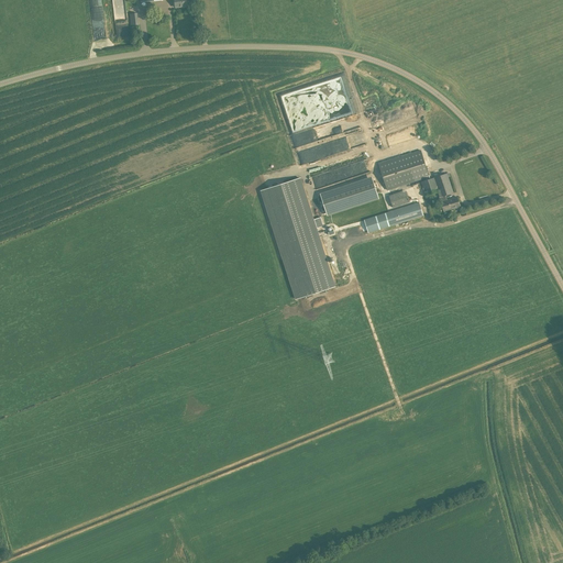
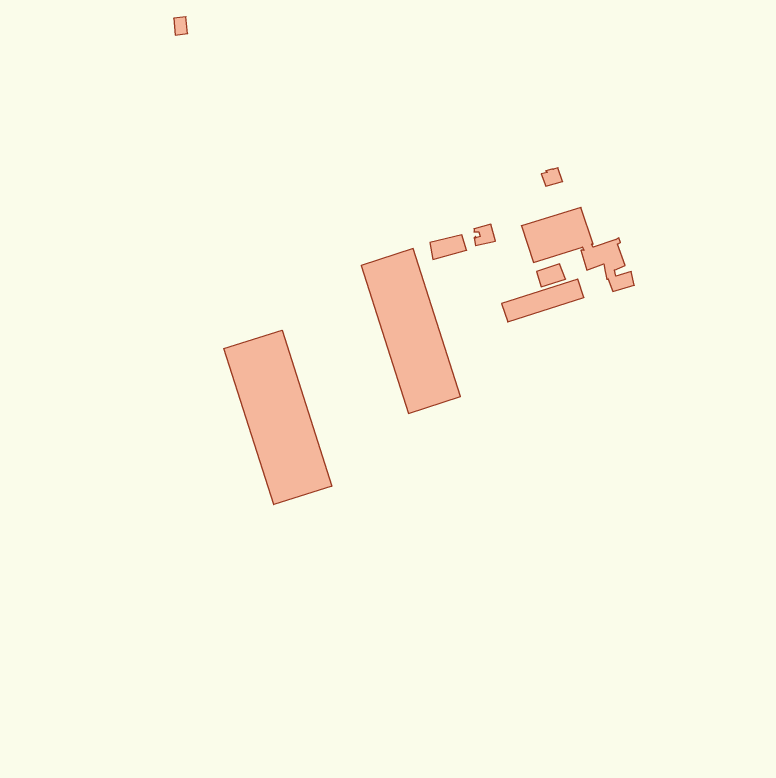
building: [318,175,377,214] -> none
building: none -> [224,330,332,505]

